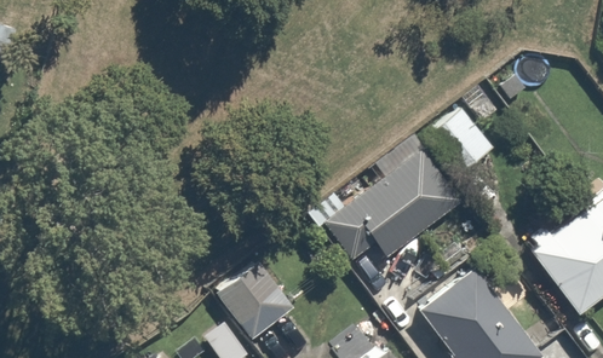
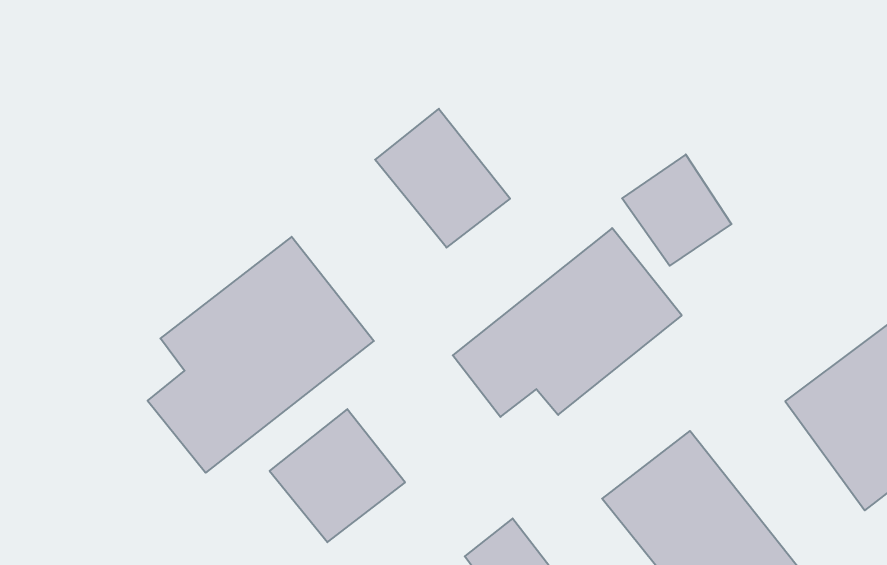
building: none -> [375,109,510,248]
building: none -> [148,237,374,473]

